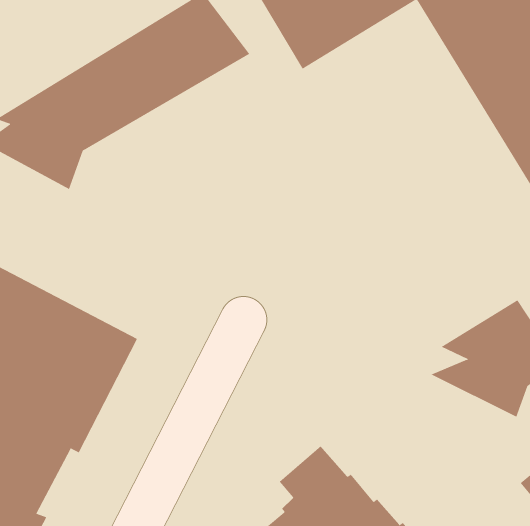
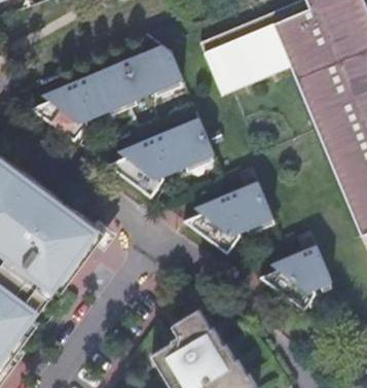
building: none -> [111,116,221,193]
building: none -> [189,180,277,251]

